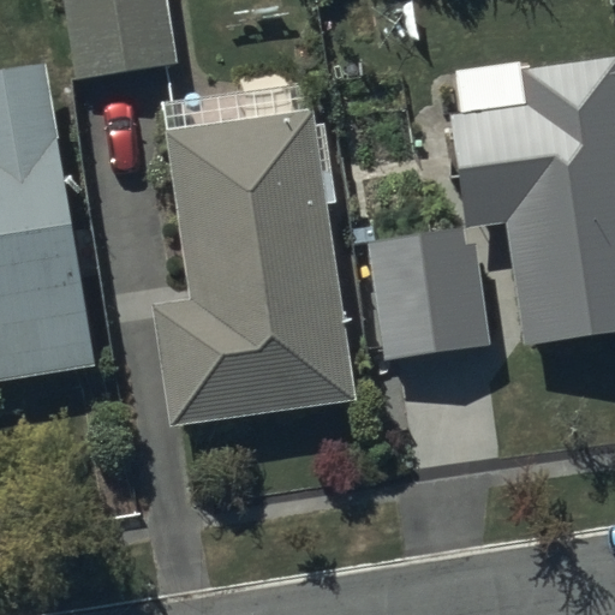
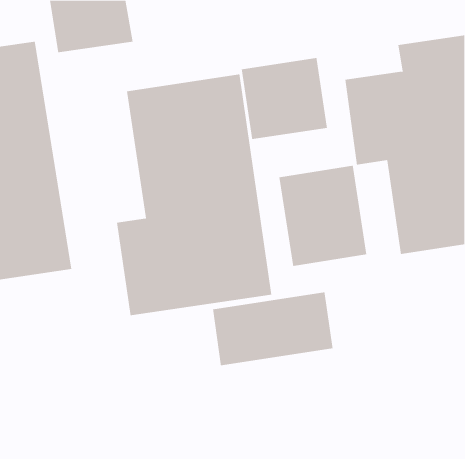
building: none -> [241,57,327,140]
building: none -> [212,292,333,366]

